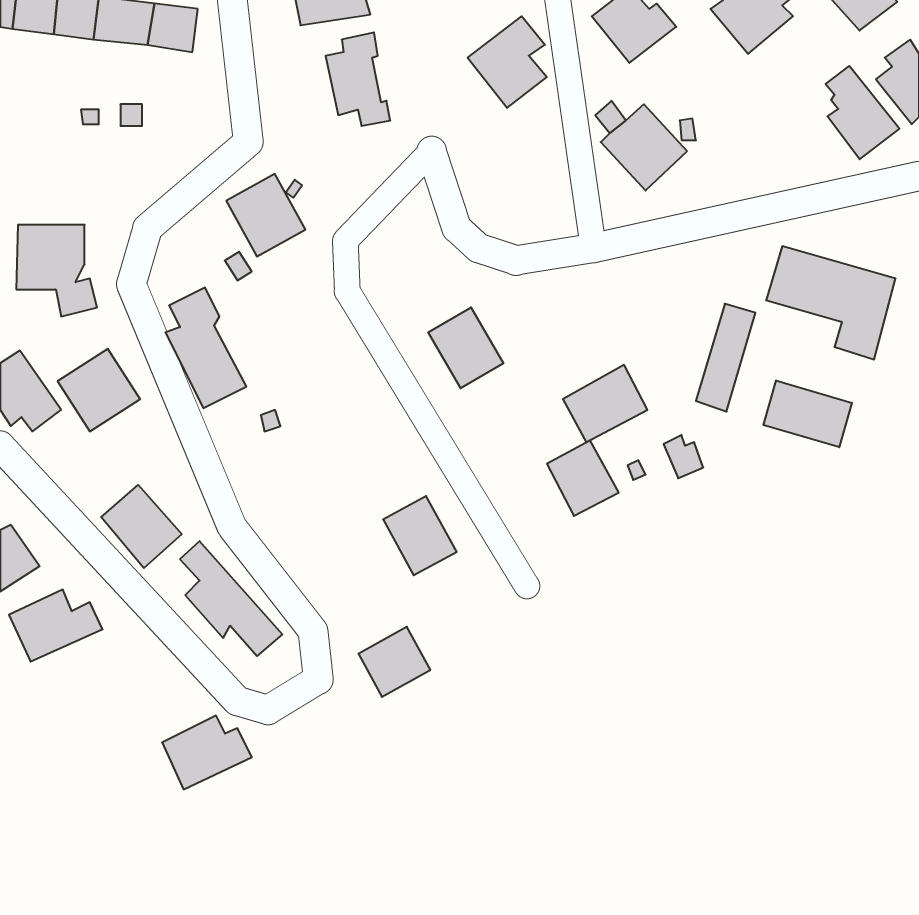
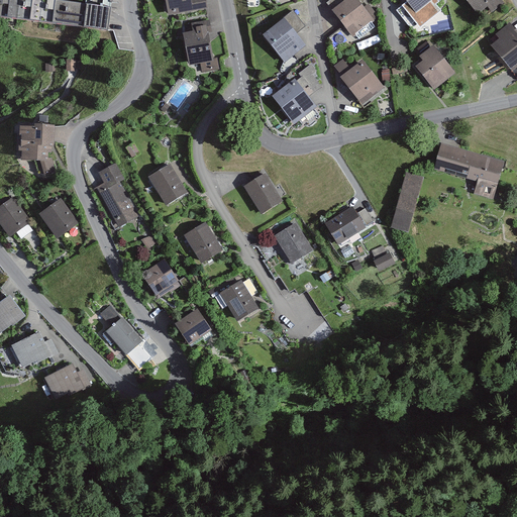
building: [826,66,899,159] -> [416,36,457,89]
building: none -> [273,63,319,124]
building: [226,174,305,257] -> [140,162,185,208]
building: [763,380,852,447] -> none
building: none -> [179,221,221,266]
building: [547,440,619,516] -> [271,222,311,265]
building: none -> [134,258,177,300]
building: [101,485,182,568] -> none
building: [358,627,430,697] -> [169,309,209,348]
building: [162,716,252,789] -> [40,361,91,403]

